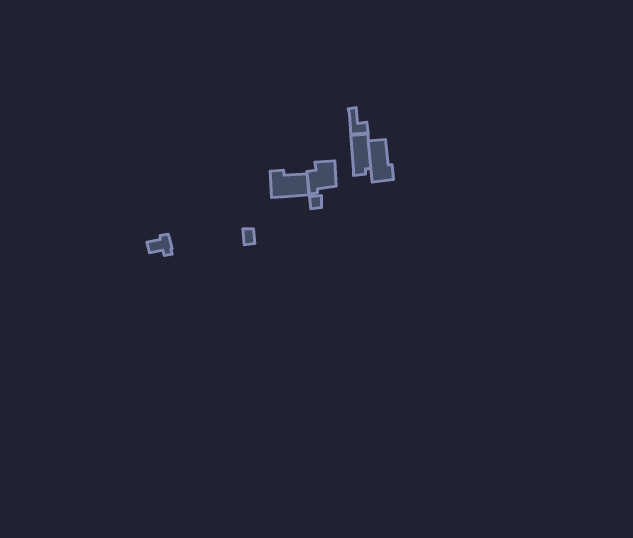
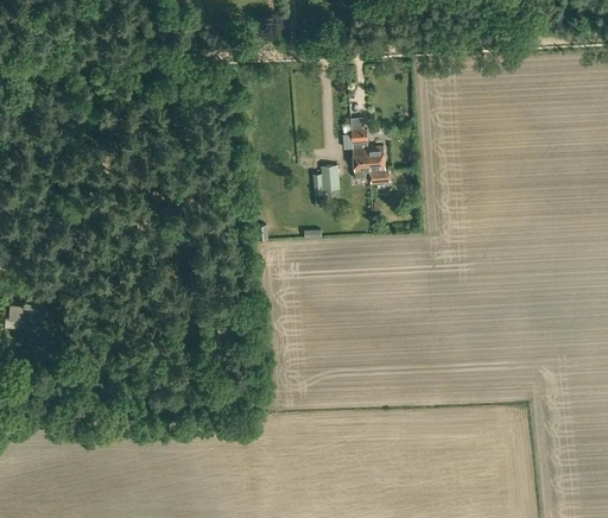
building: [270,170,309,197] -> none

